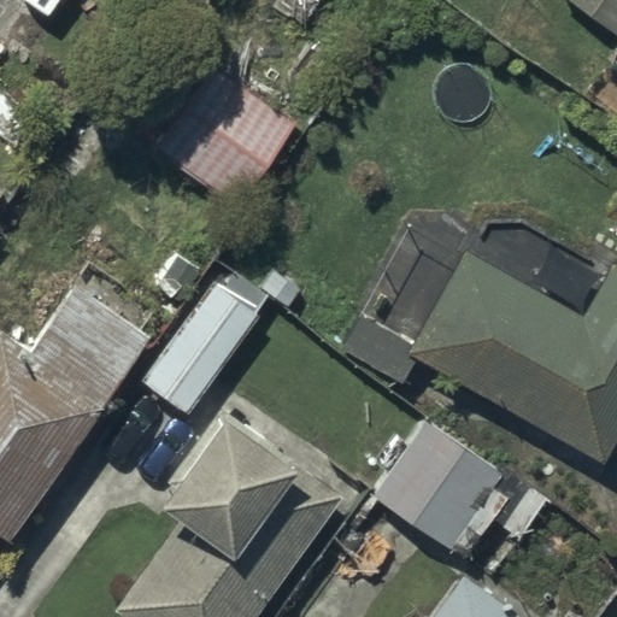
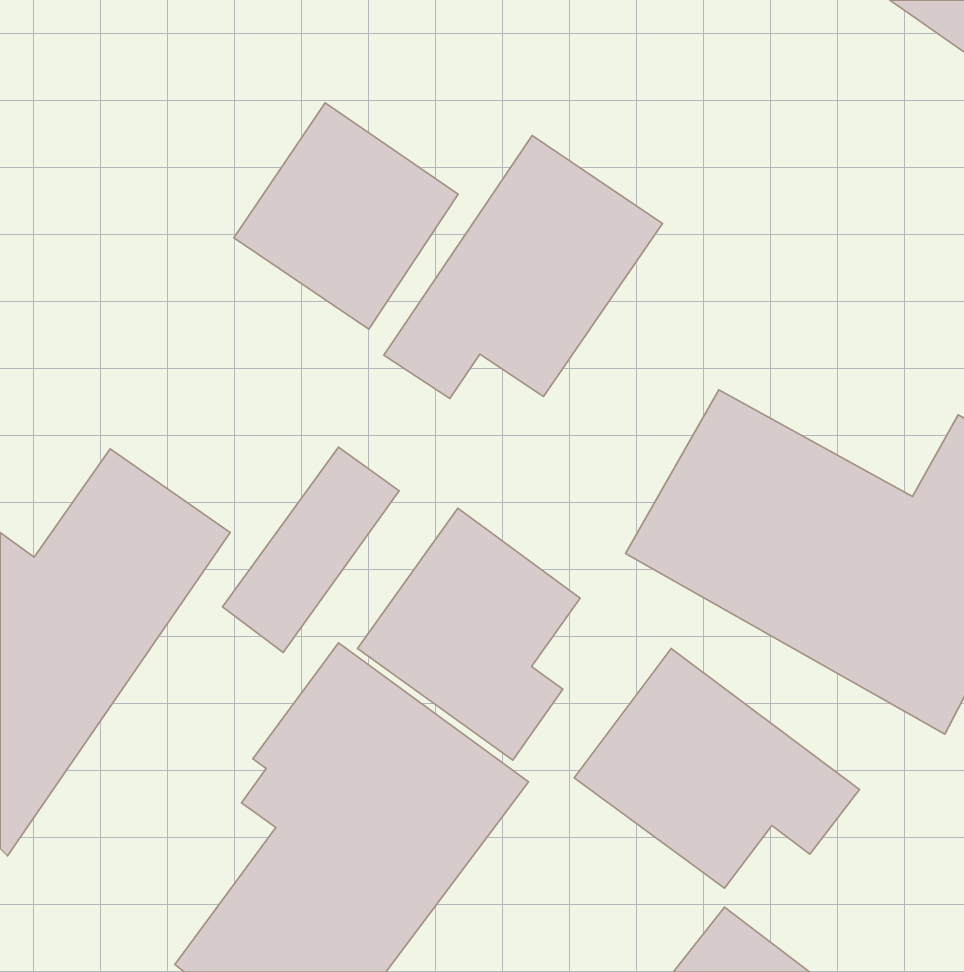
building: none -> [384,136,662,399]
building: none -> [357,508,580,760]

